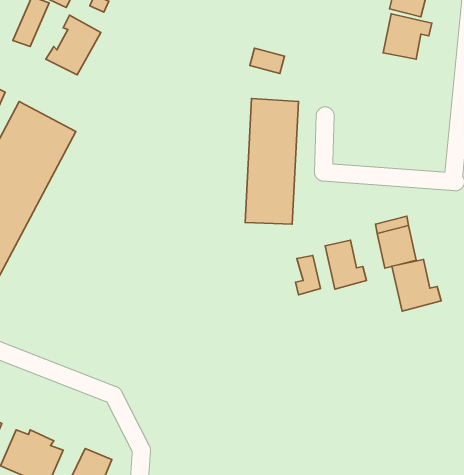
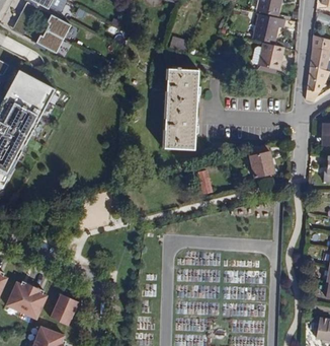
building: none -> [258,42,284,73]
building: [325,240,366,289] -> none
building: [392,259,441,311] -> none

